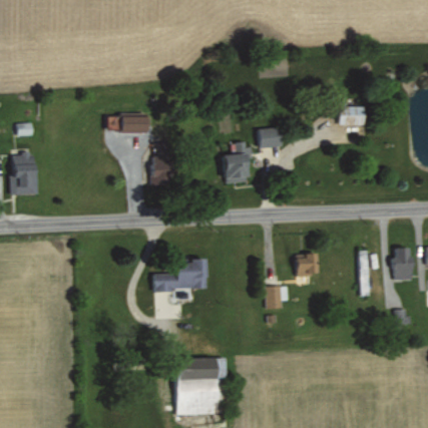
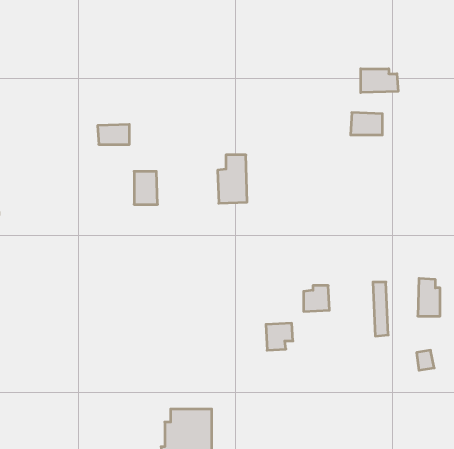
building: none -> [361,69,398,93]
building: [259,127,282,147] -> none
building: [154,261,207,290] -> none

